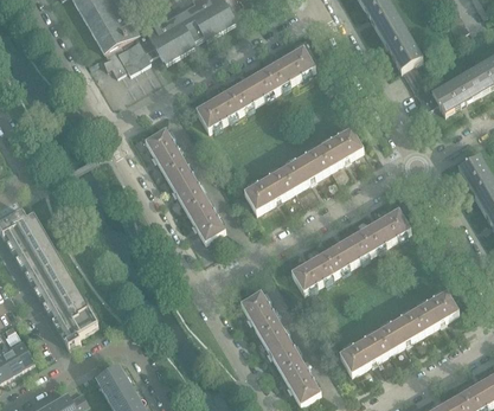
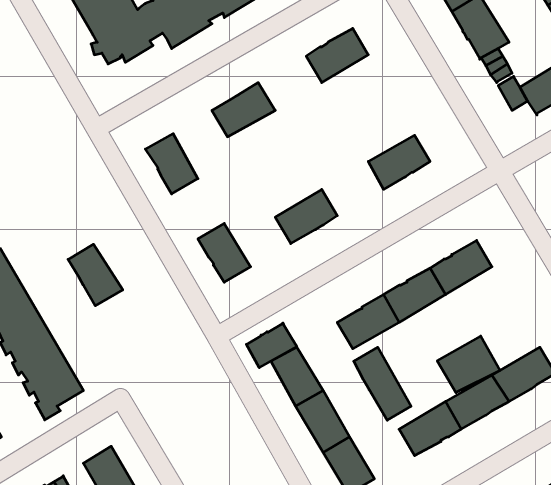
building: [231,66,280,108] -> none
building: [280,147,327,188] -> none
building: [165,160,205,206] -> none
building: none -> [68,244,123,306]
building: none -> [246,323,297,368]
building: none -> [437,336,500,393]
building: none -> [354,347,411,420]

